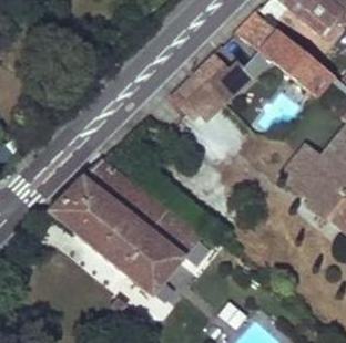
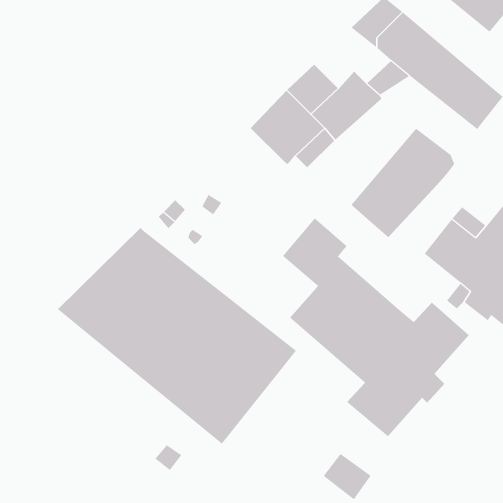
building: none -> [351,128,455,238]
building: none -> [282,217,470,437]

